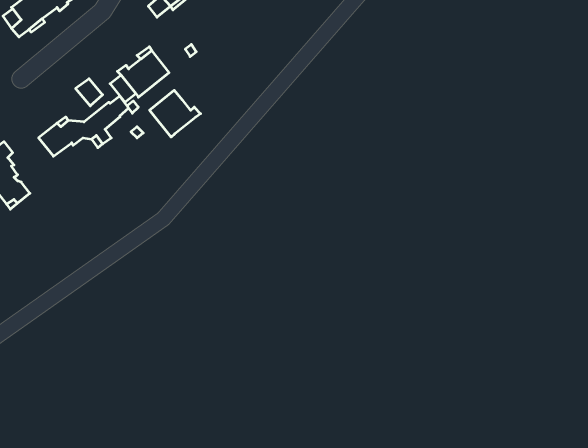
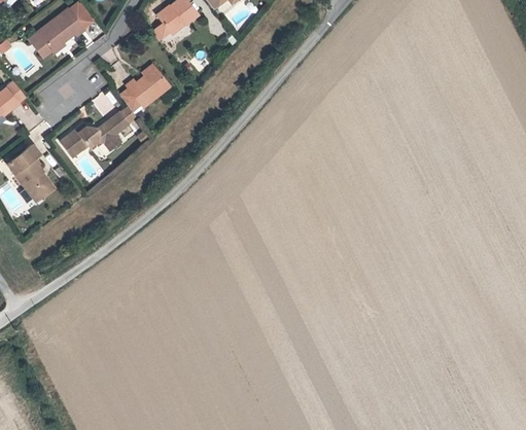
building: [150,90,201,137] -> none

